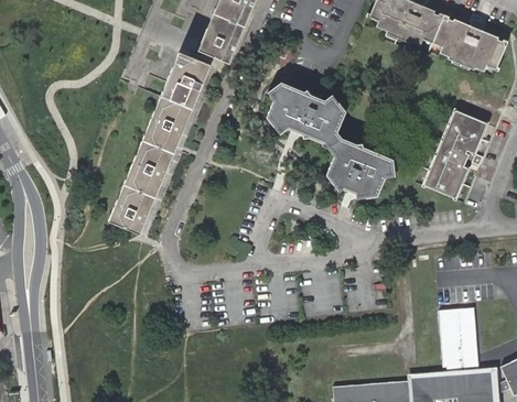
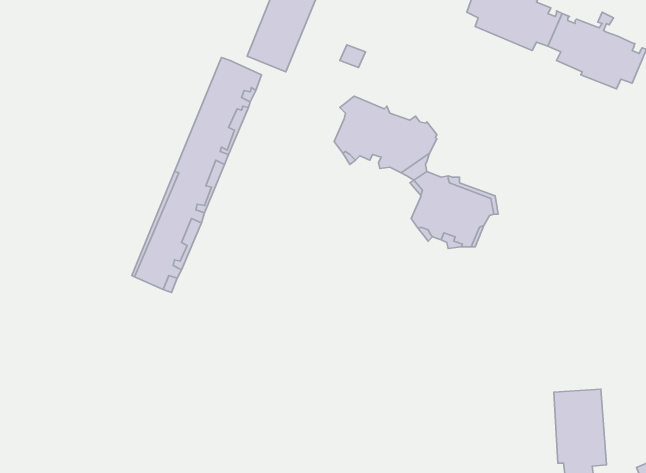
building: [423,110,485,198] -> none

